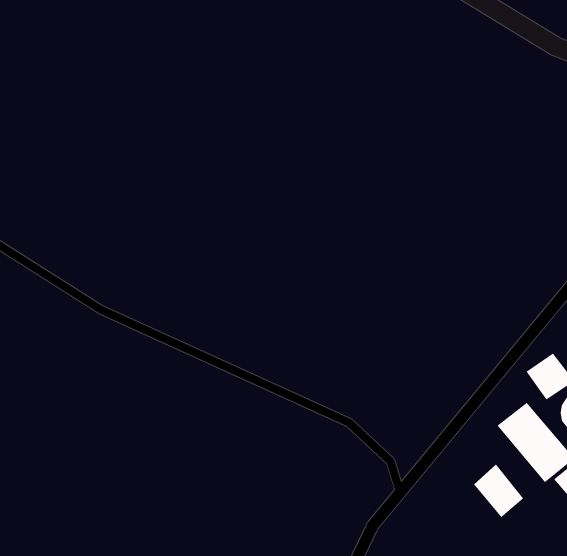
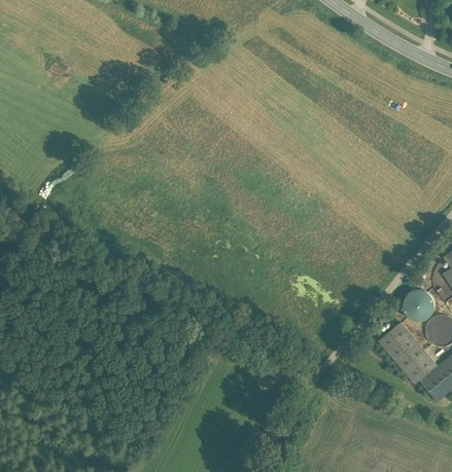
building: [473,464,524,518] -> none

